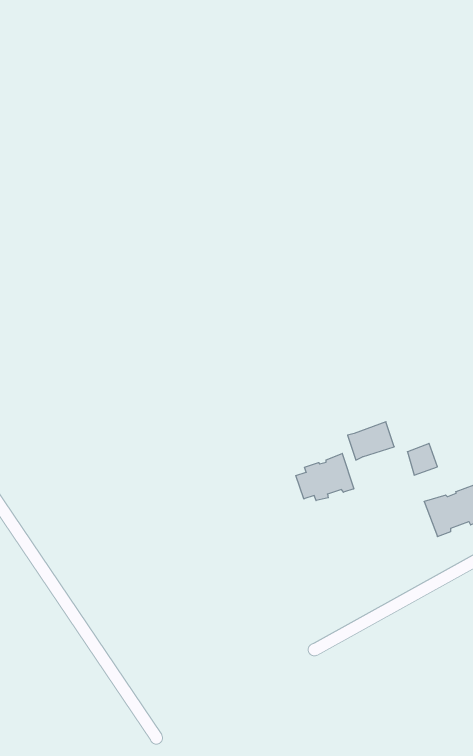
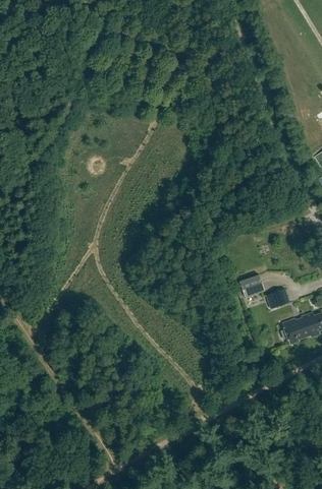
building: [296,453,354,501] -> none

